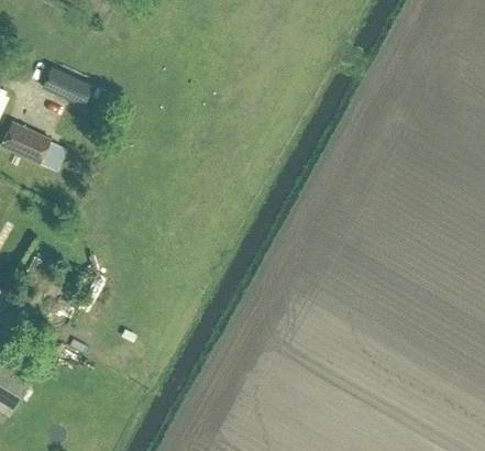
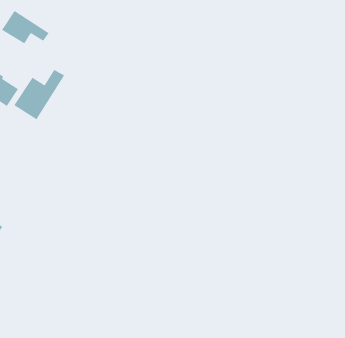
building: none -> [13,69,65,120]

